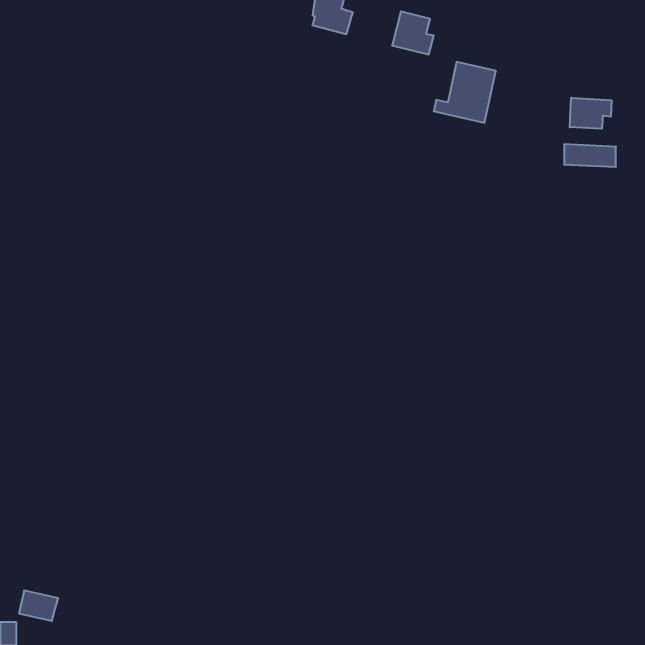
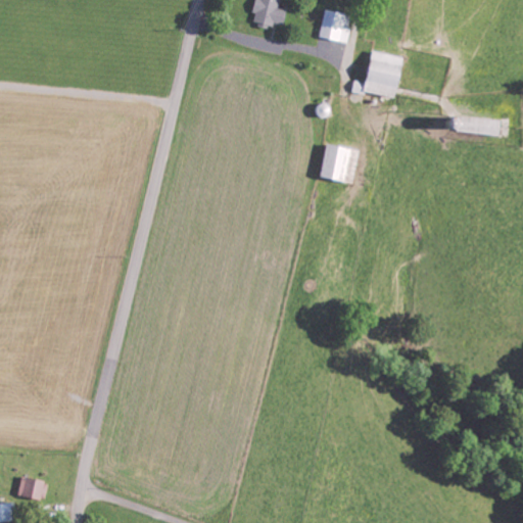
building: [570,98,611,129] -> none
building: none -> [318,143,359,184]

